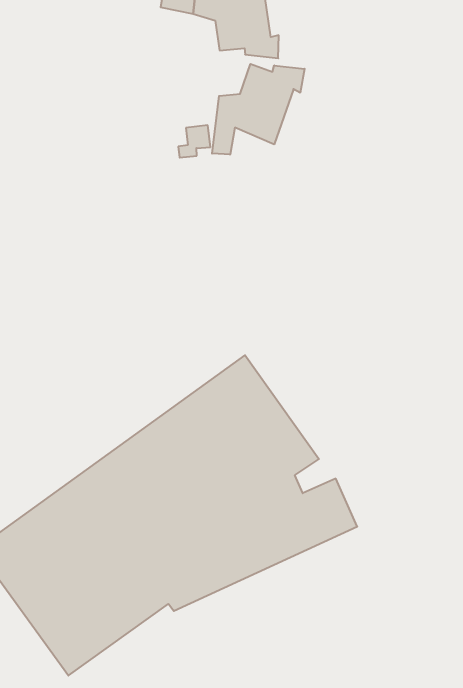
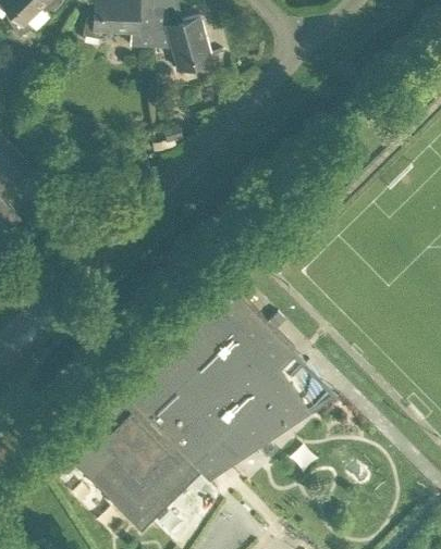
building: [212,64,305,155] -> none

